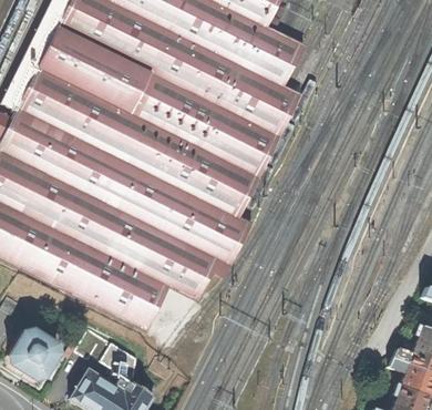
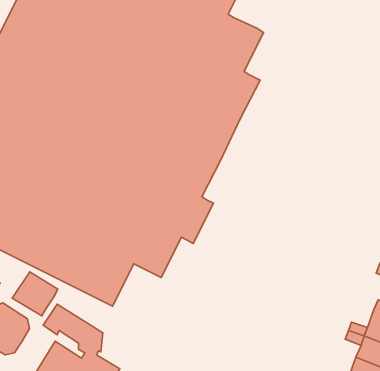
building: none -> [12,272,58,316]

